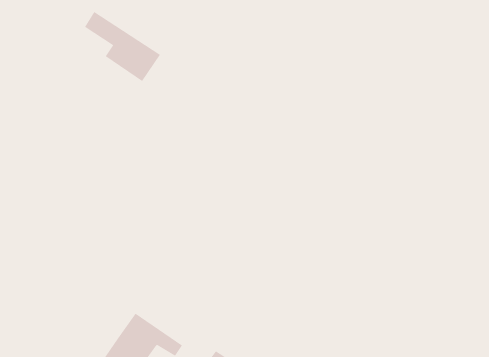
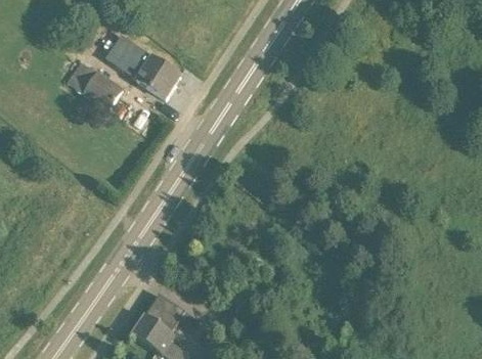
building: none -> [80,71,121,109]

